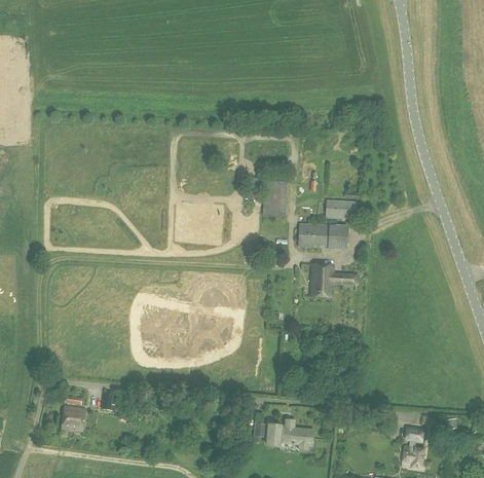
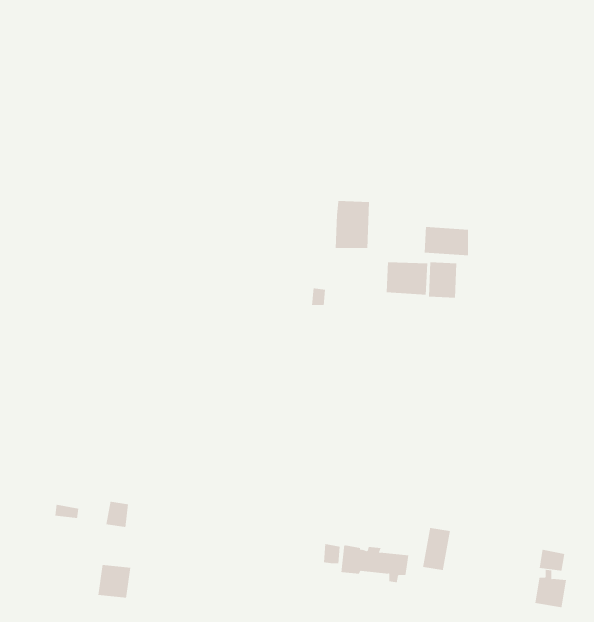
building: [310,263,357,296] -> none
building: [62,406,85,430] -> [97,565,131,598]
building: none -> [423,527,451,571]

